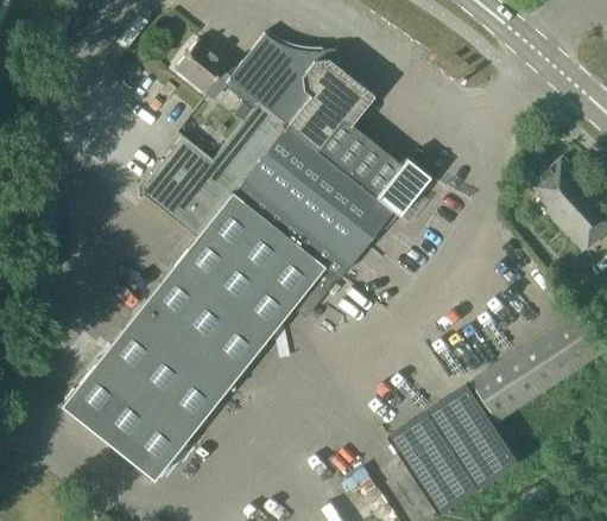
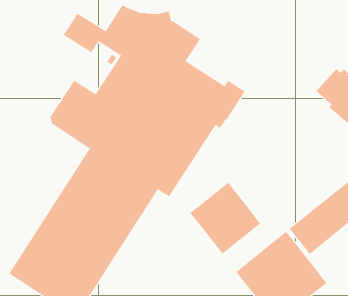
building: none -> [190,182,261,254]

